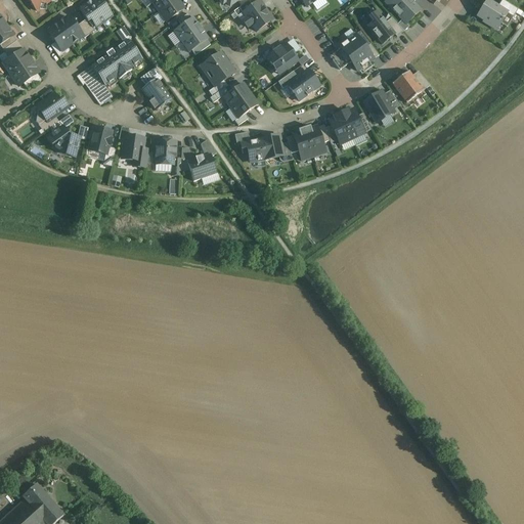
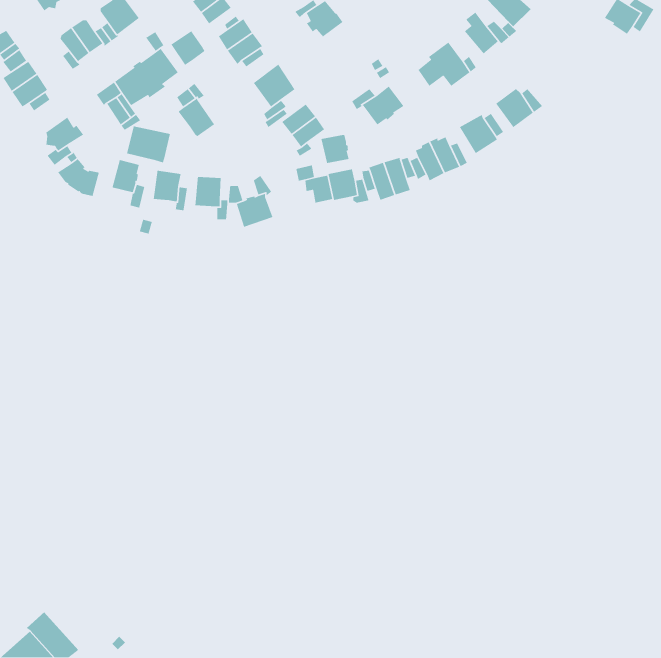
building: none -> [170,30,206,66]
building: [266,42,296,73] -> none
building: none -> [126,125,171,163]
building: none -> [321,134,349,164]

